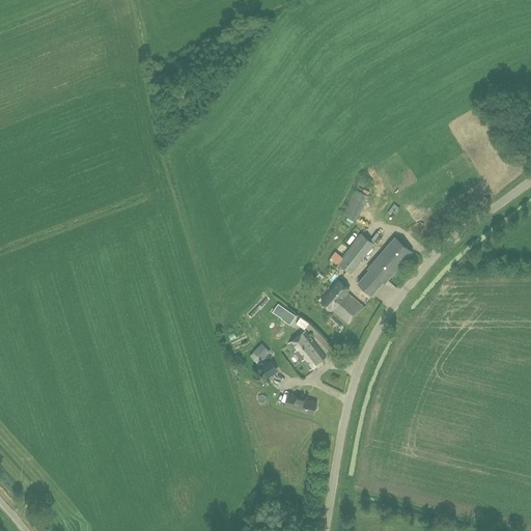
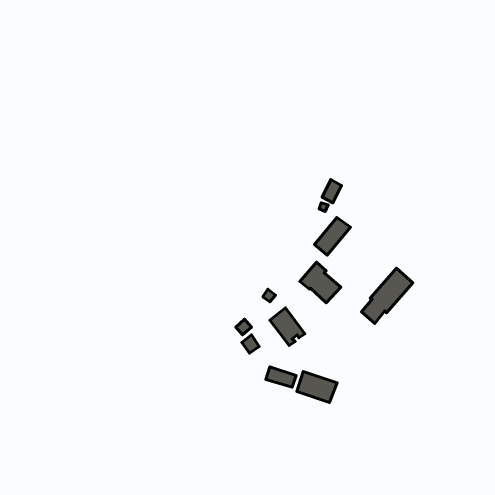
building: [357,235,412,295] -> [361,268,413,324]
building: none -> [297,371,337,402]

